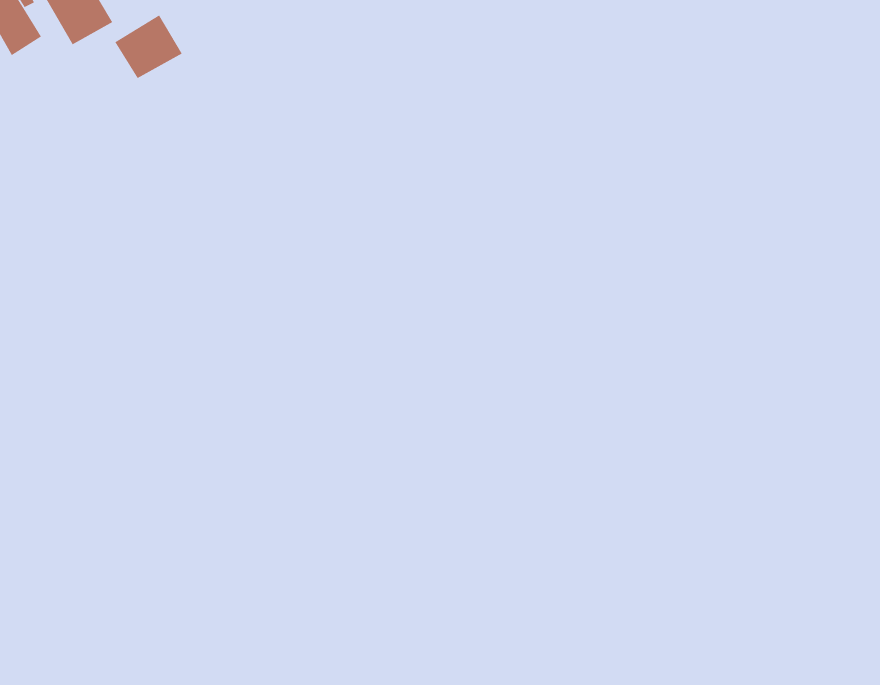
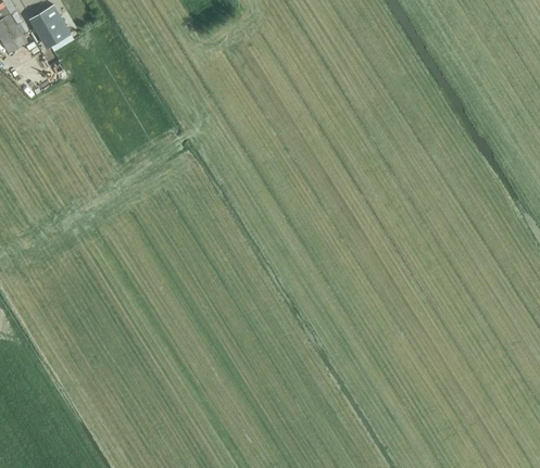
building: [115,15,182,79] -> none

